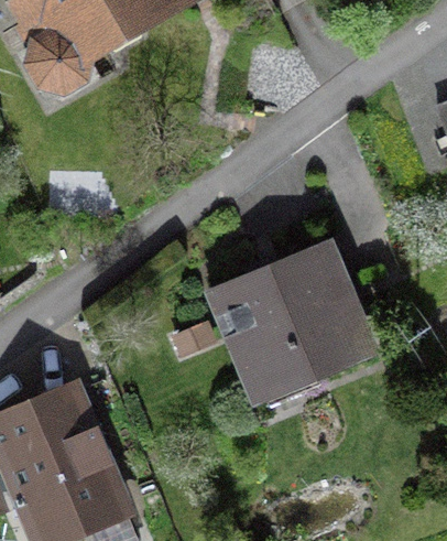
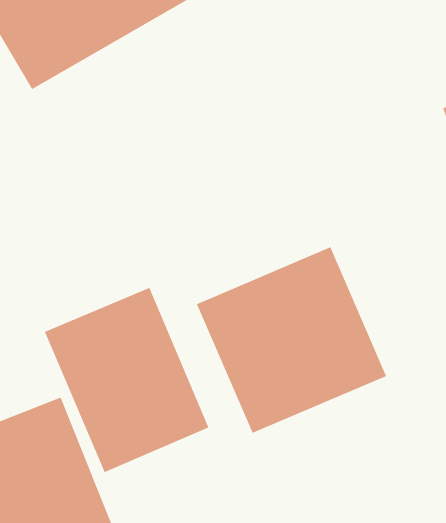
building: none -> [44,287,210,473]

